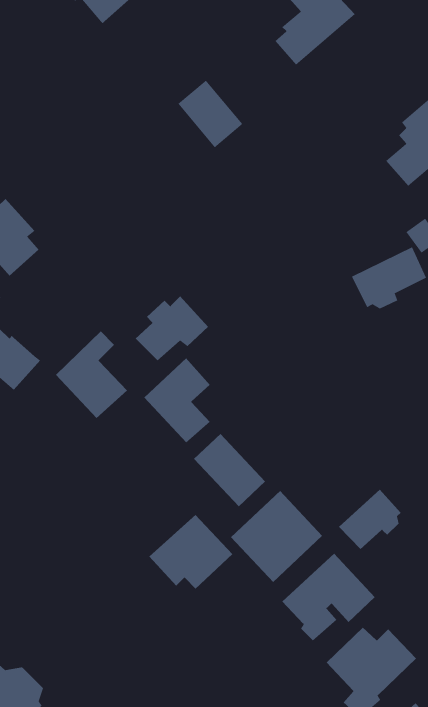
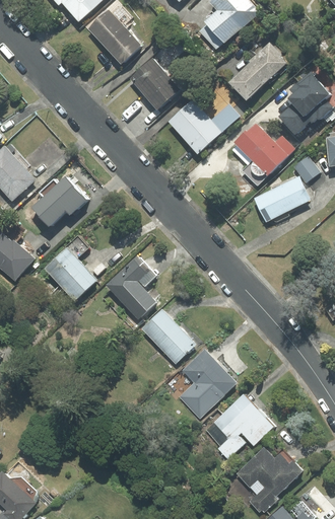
building: none -> [90,10,144,64]
building: none -> [228,44,286,100]
building: none -> [171,86,236,151]
building: none -> [232,124,294,186]
building: [135,296,209,361] -> [31,177,84,224]
building: [338,489,401,550] -> none
building: [148,514,233,590] -> none

